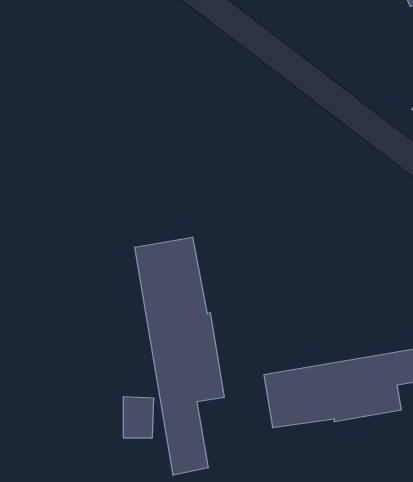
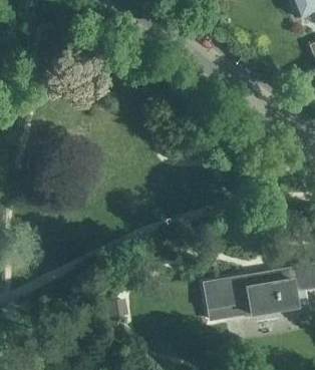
building: [135,237,224,475] -> none

